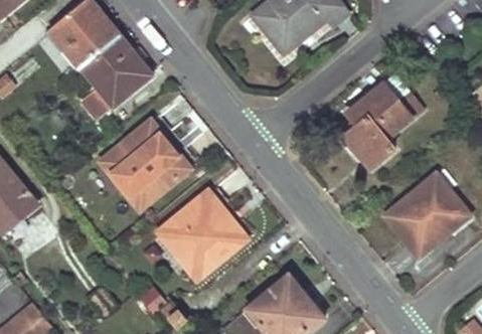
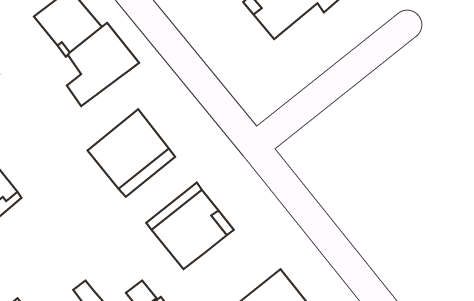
building: [345,85,421,167] -> none
building: [385,171,471,255] -> none

